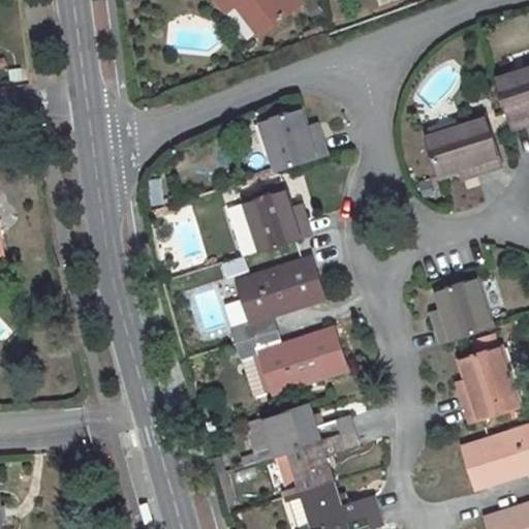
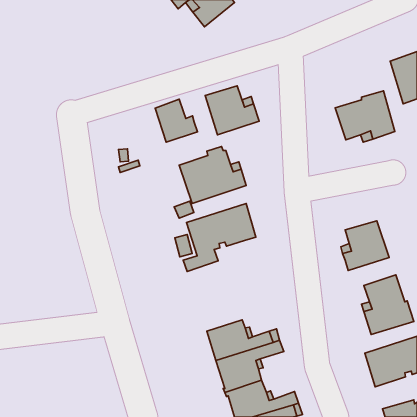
building: none -> [155,99,197,142]
building: [237,326,347,396] -> none

